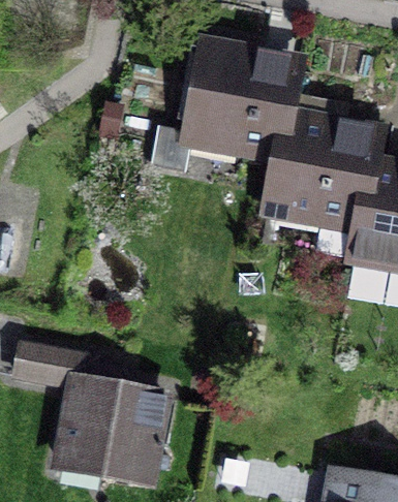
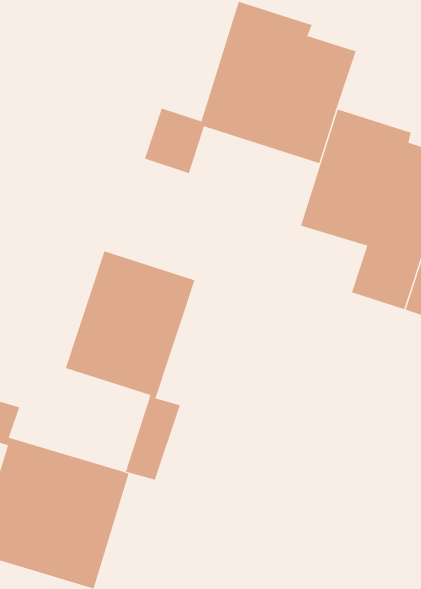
building: none -> [65,250,195,480]

